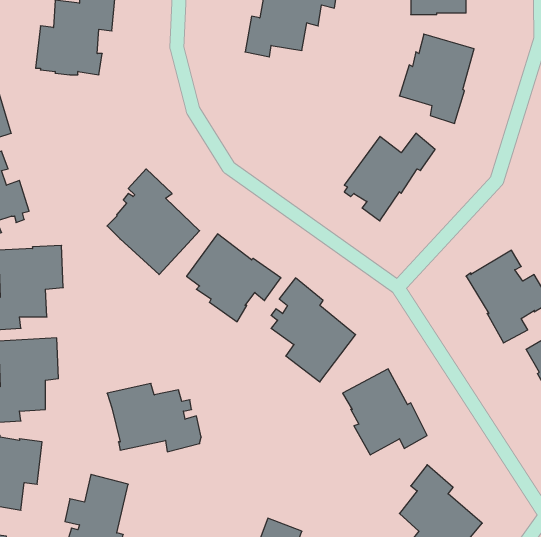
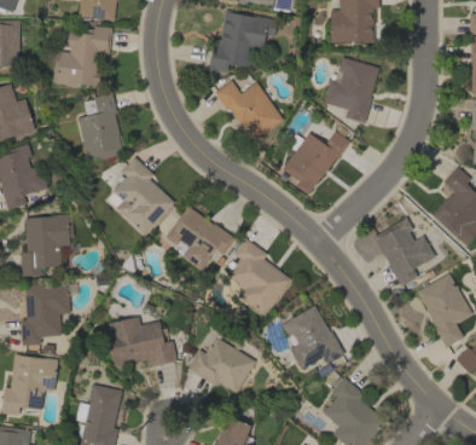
building: none -> [215,81,284,141]
building: none -> [79,93,123,163]
building: none -> [188,337,256,393]

